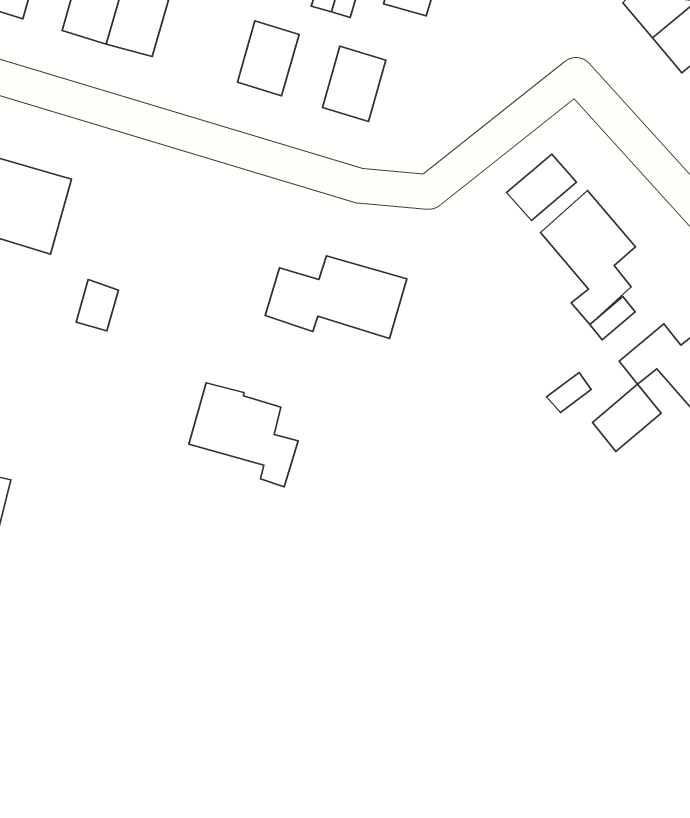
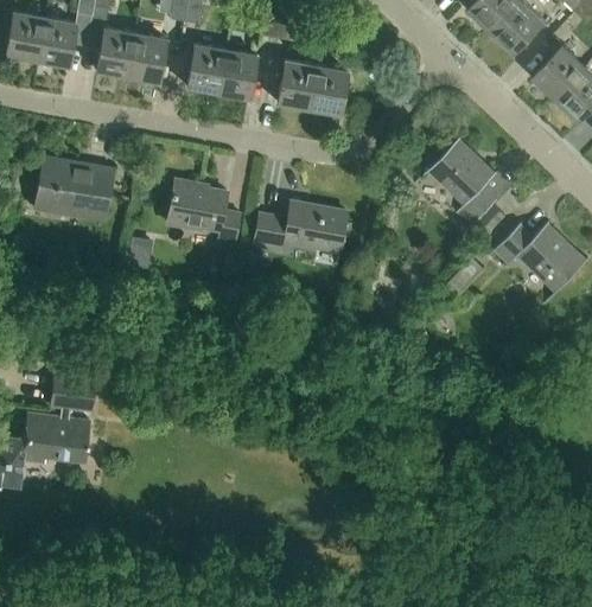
building: none -> [186,44,224,91]
building: none -> [308,65,348,114]
building: [507,154,577,220] -> none
building: [189,383,298,487] -> [167,181,241,245]
building: [592,384,661,451] -> none

